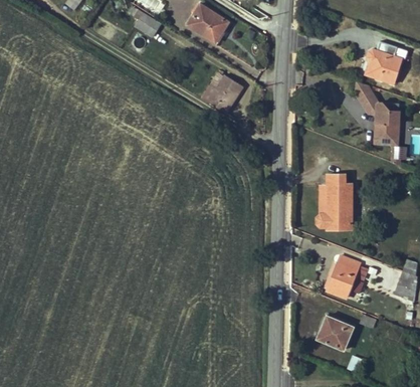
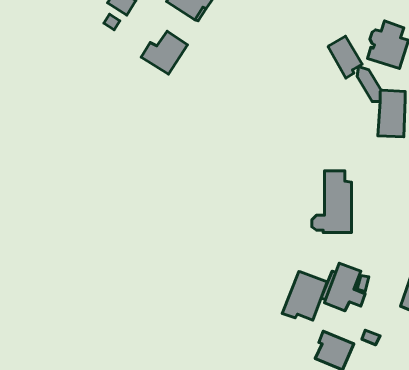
building: none -> [328,36,362,78]
building: [202,74,243,113] -> [141,31,188,74]
building: none -> [282,272,327,320]

